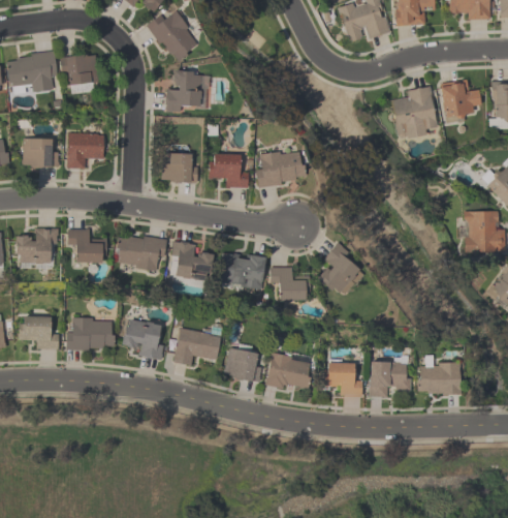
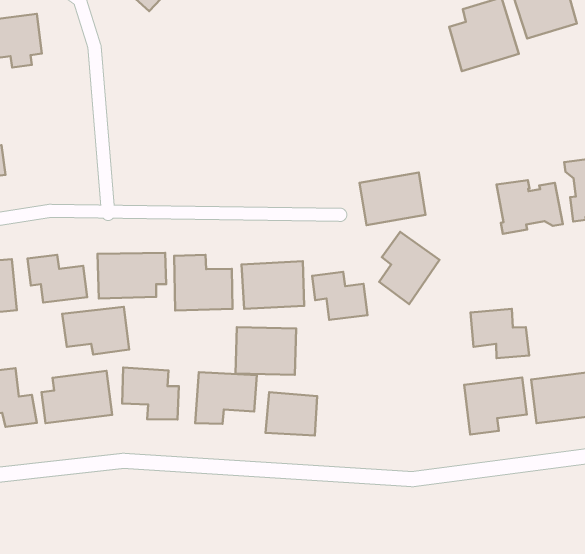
building: [164,70,211,111] -> none
building: [66,133,104,169] -> none
building: [256,152,300,185] -> [360,173,426,225]
building: [160,154,195,183] -> none
building: [209,154,247,188] -> none
building: none -> [496,180,563,234]
building: none -> [62,307,129,354]
building: [266,352,314,391] -> [236,327,296,375]
building: [323,360,362,396] -> [471,309,529,358]

